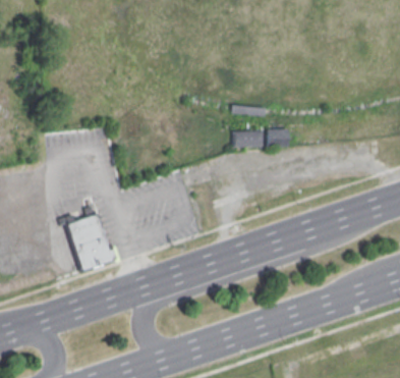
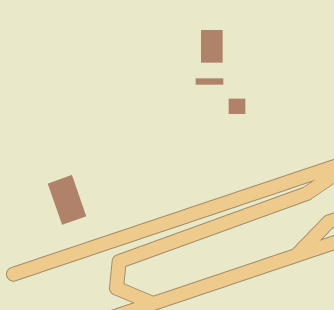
building: none -> [200,29,223,63]
building: [233,132,263,148] -> none

